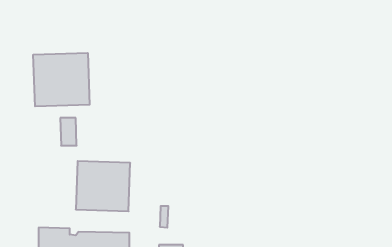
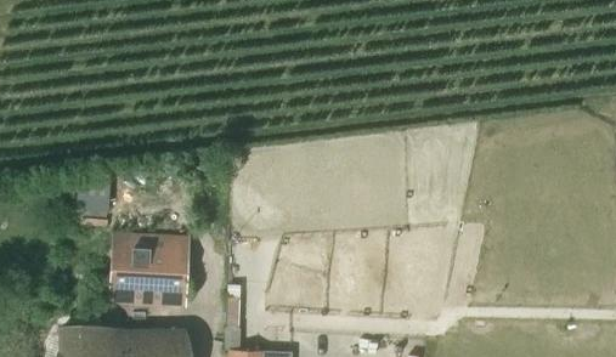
building: [33,53,90,106] -> none

